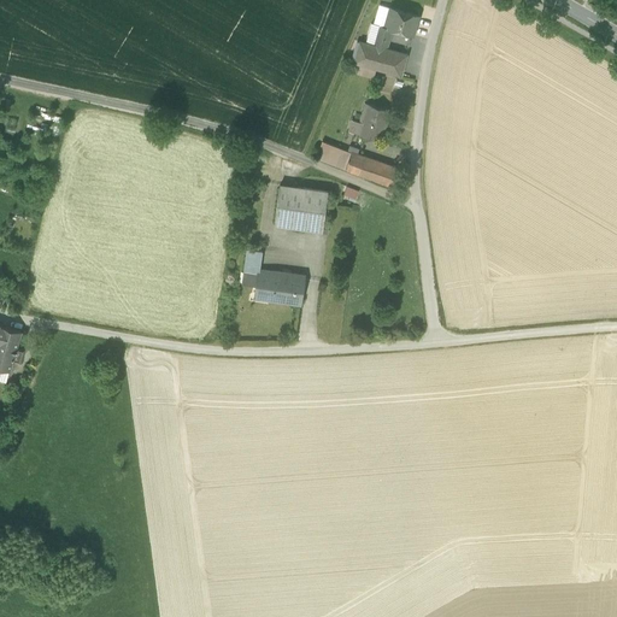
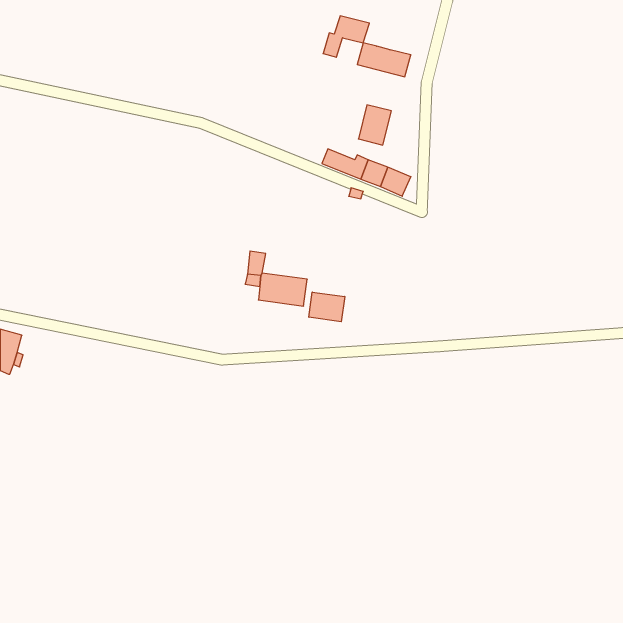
building: [372,8,418,49] -> [323,16,369,57]
building: [275,186,328,230] -> none
building: none -> [309,292,345,322]

